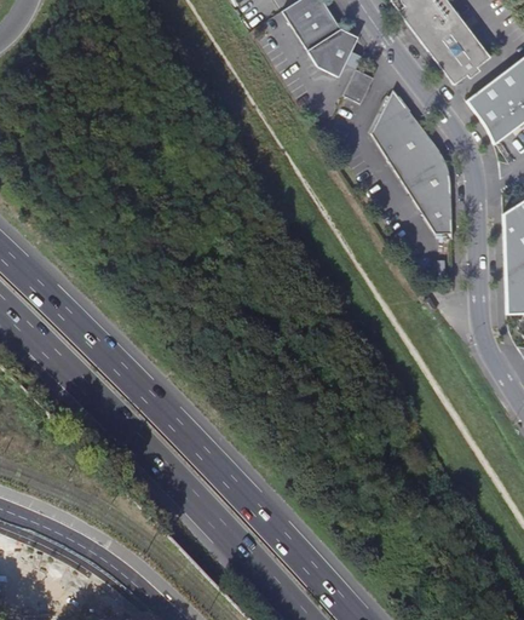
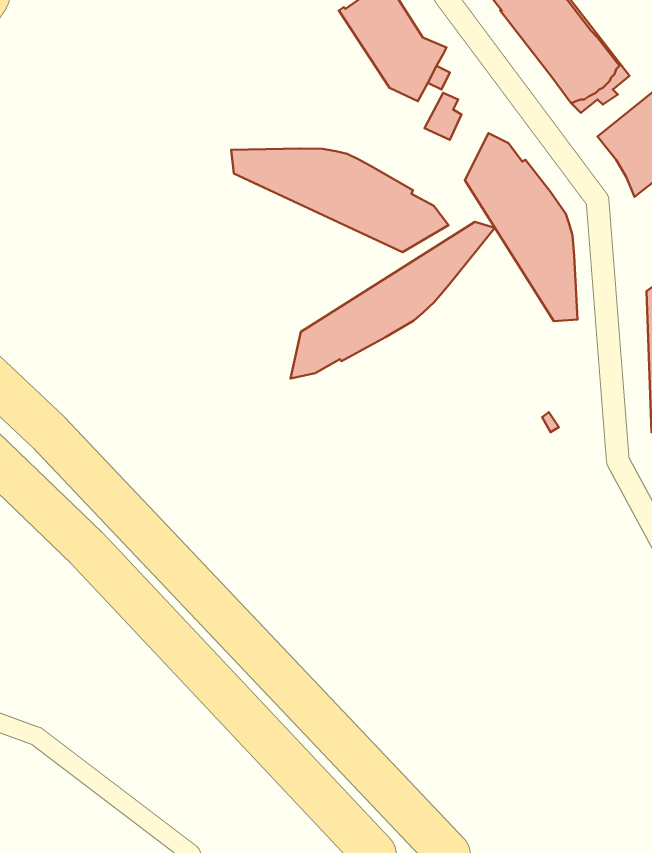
building: none -> [231,149,449,252]
building: none -> [290,222,495,378]

